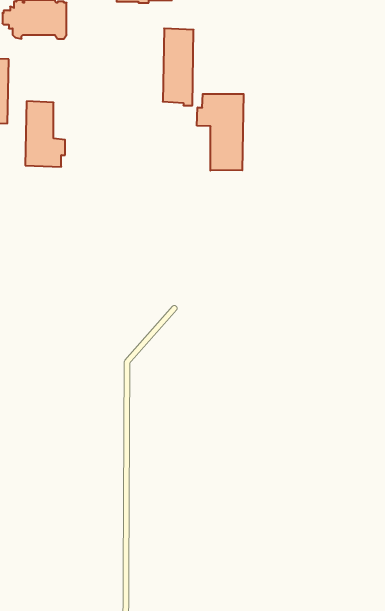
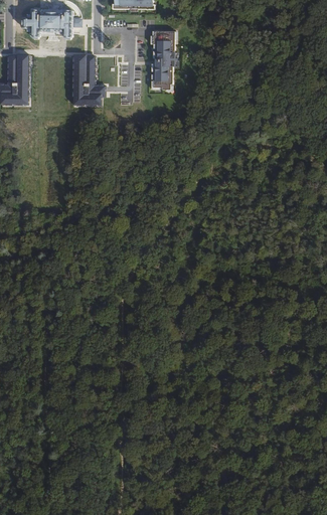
building: [197,94,244,171] -> none
building: [25,101,65,167] -> [72,53,104,105]

